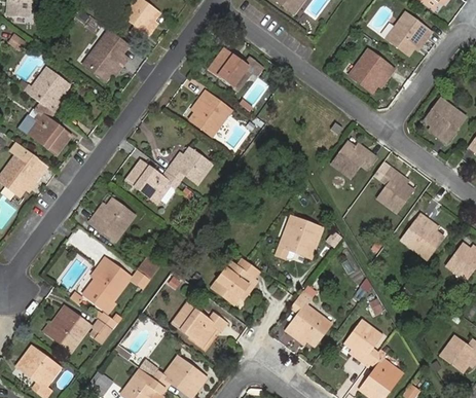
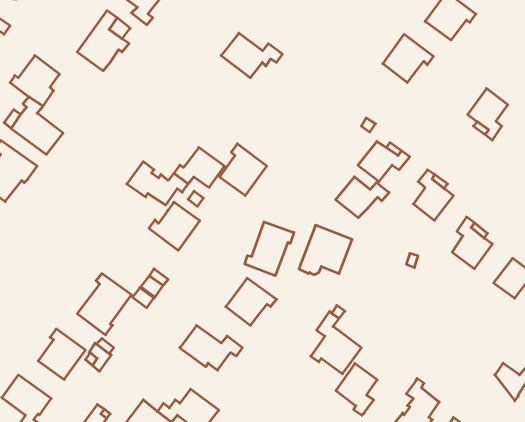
building: [190,91,231,136] -> [220,144,267,196]
building: none -> [336,177,389,218]
building: [90,198,135,241] -> [149,202,200,250]
building: none -> [245,222,294,276]
building: [345,320,381,365] -> [336,363,377,415]

